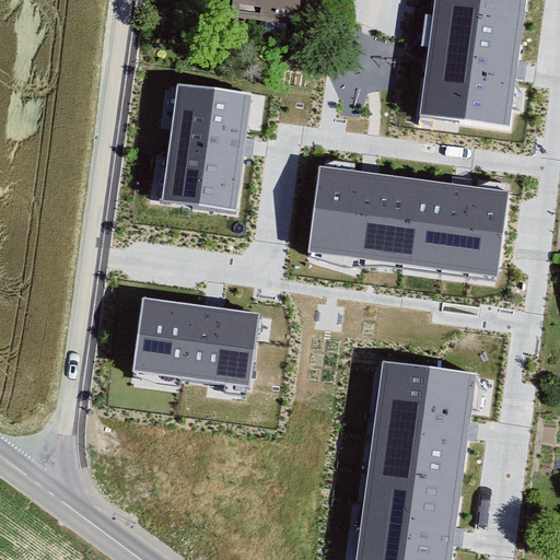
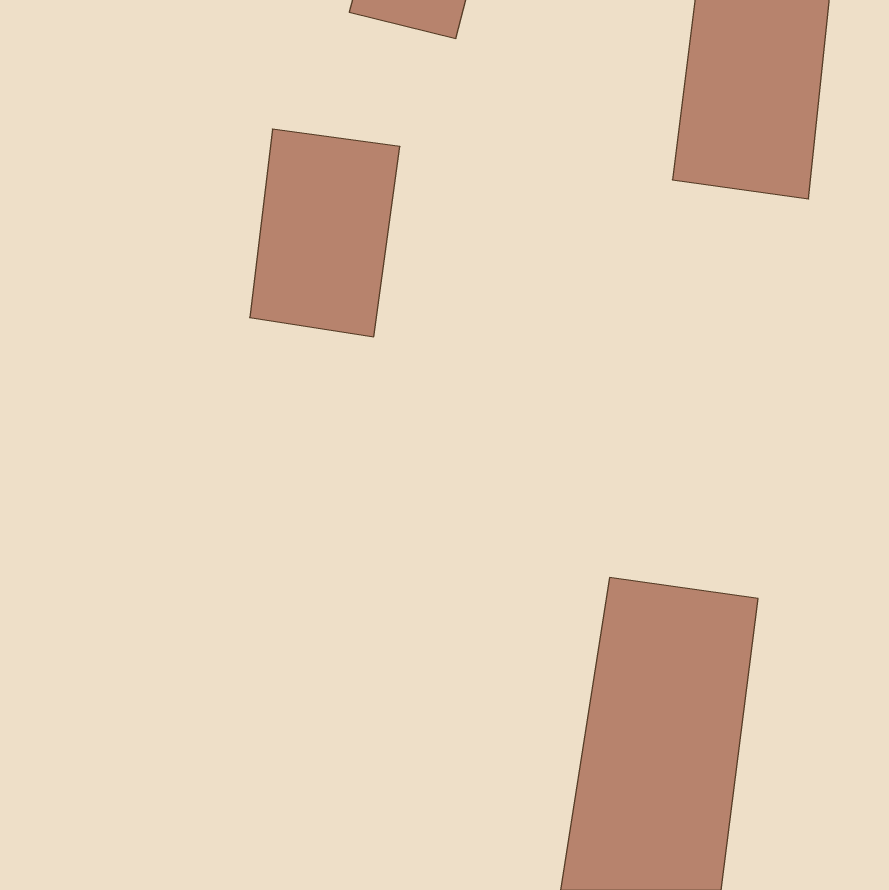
building: [310,165,508,272] -> none
building: [129,295,253,389] -> none

